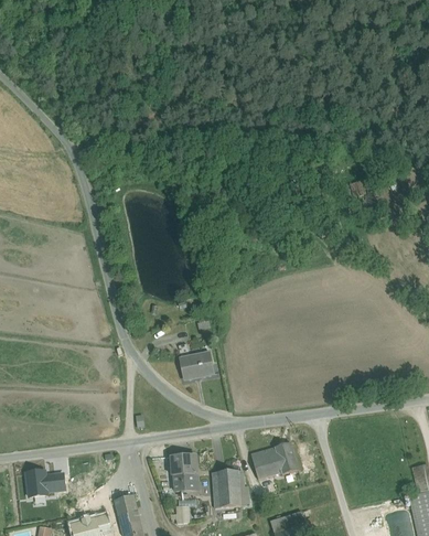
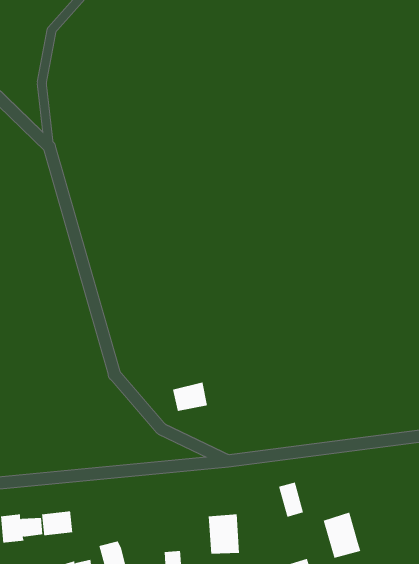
building: [250,447,285,489] -> [323,512,361,559]
building: [171,454,195,490] -> none
building: none -> [41,511,73,536]

